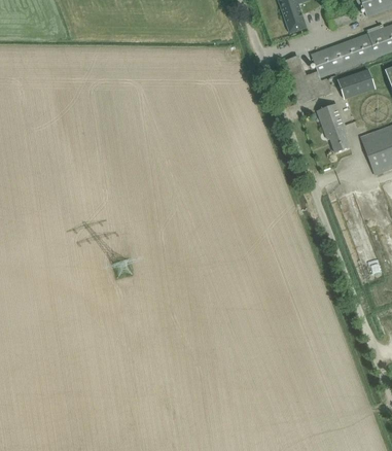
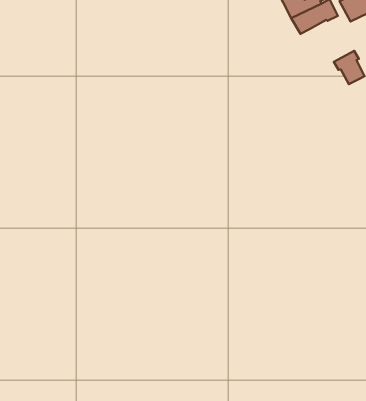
building: [317,103,344,132] -> none

